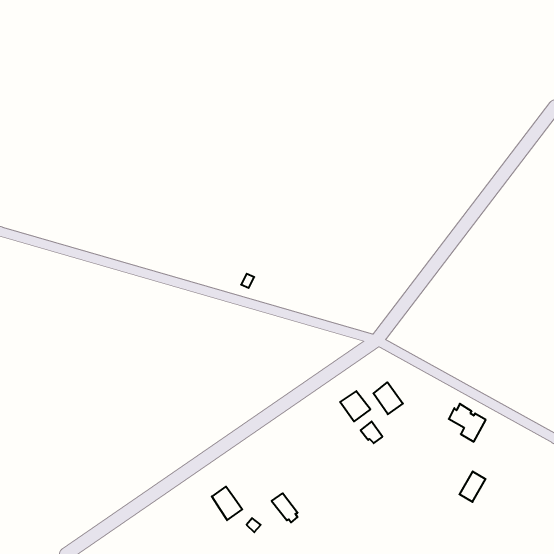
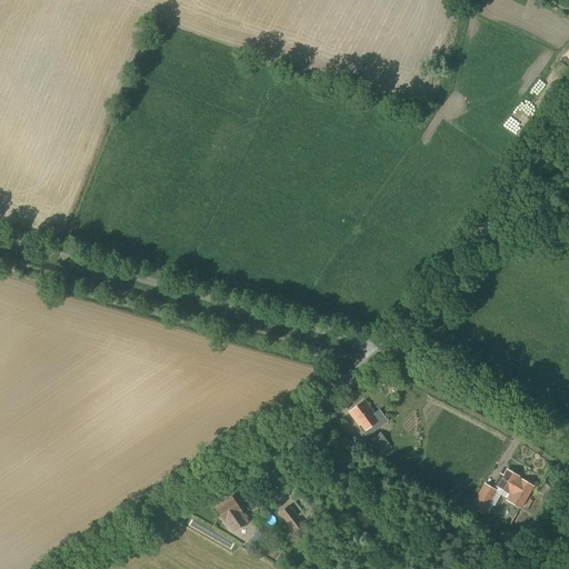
building: [373,382,403,414] -> none
building: [449,404,486,442] -> [496,469,533,508]

